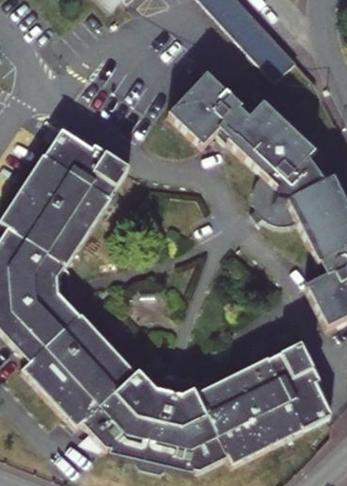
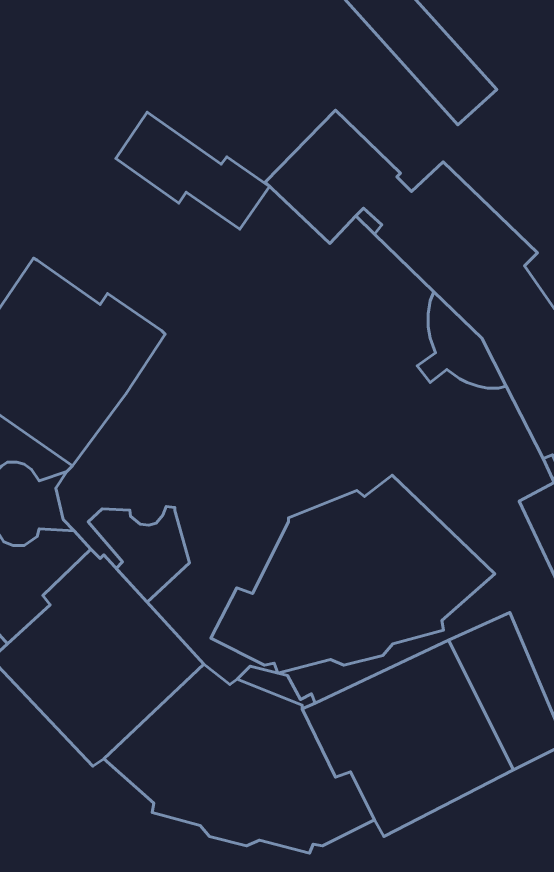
building: [46,126,129,189] -> [116,112,270,229]
building: none -> [211,475,495,673]
building: none -> [88,507,189,602]

